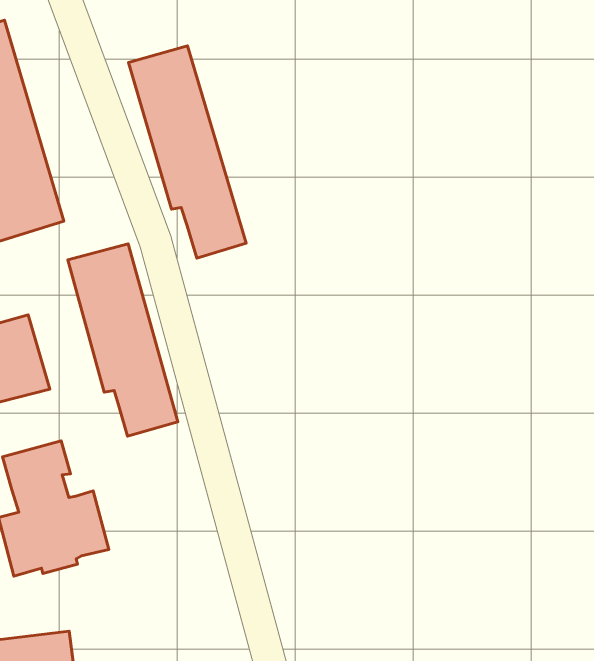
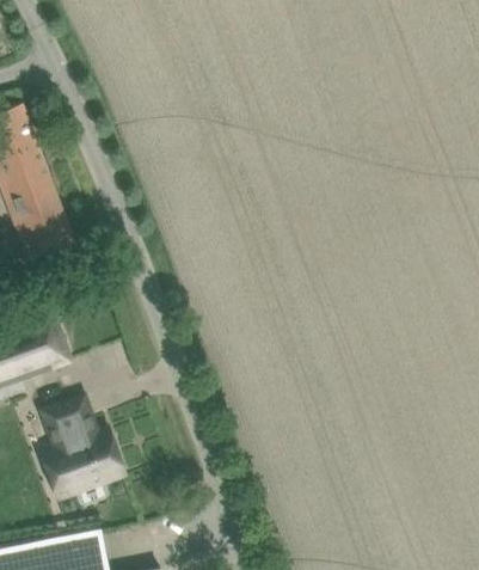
building: [128,46,246,258] -> none
building: [68,244,178,436] -> none

